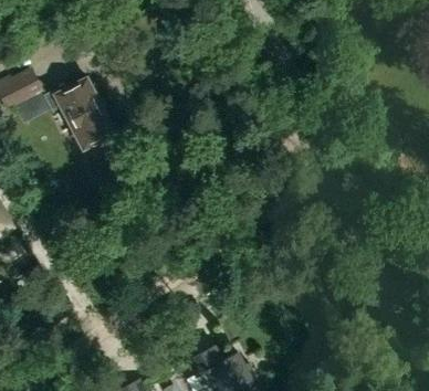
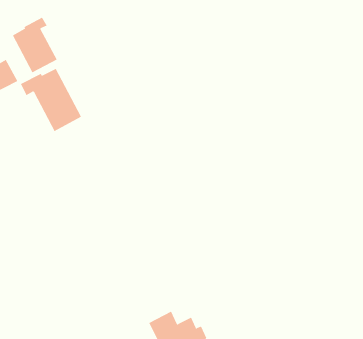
building: none -> [12,17,57,73]

